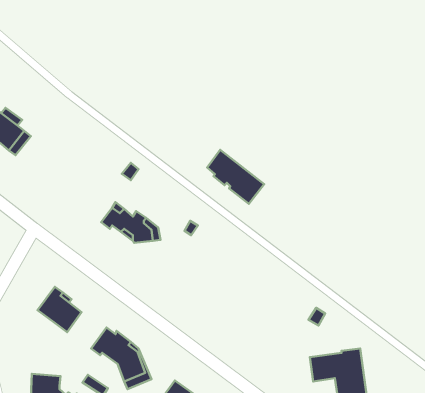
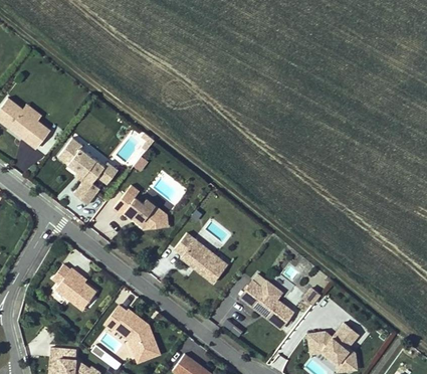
building: none -> [58,138,104,204]
building: [207,150,264,204] -> [175,233,227,283]
building: none -> [240,282,292,328]

